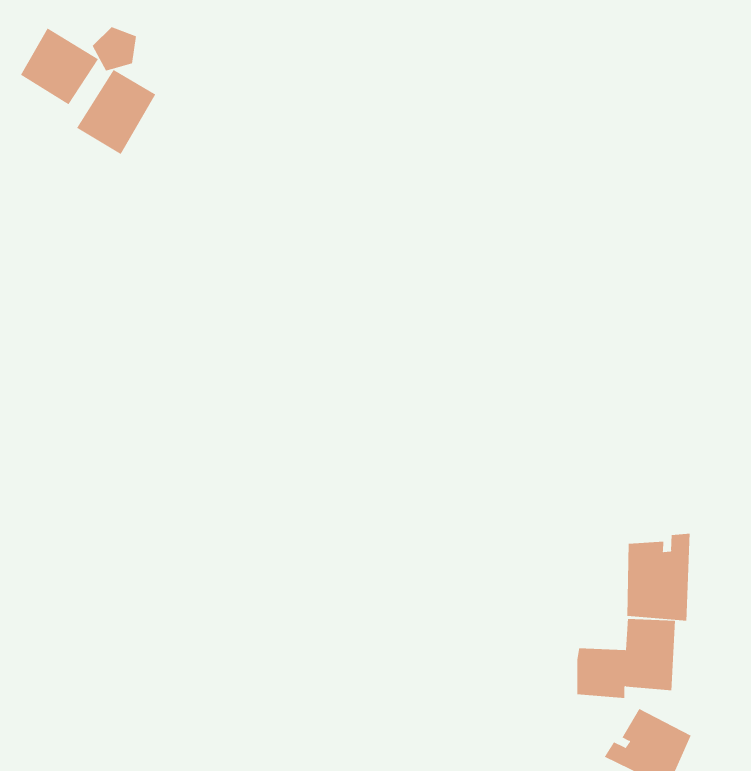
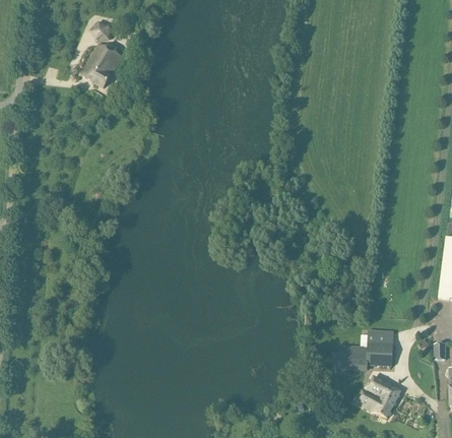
building: [20,27,99,105] -> none
building: [627,533,690,621] -> none

